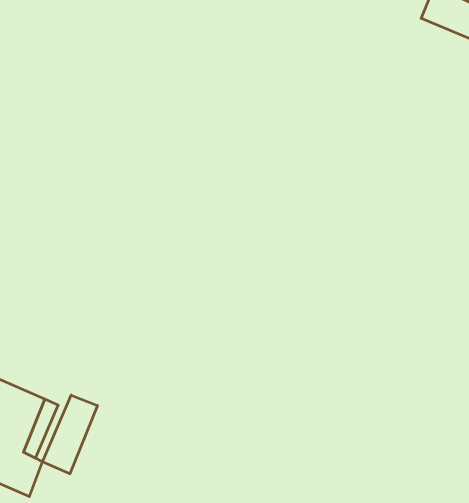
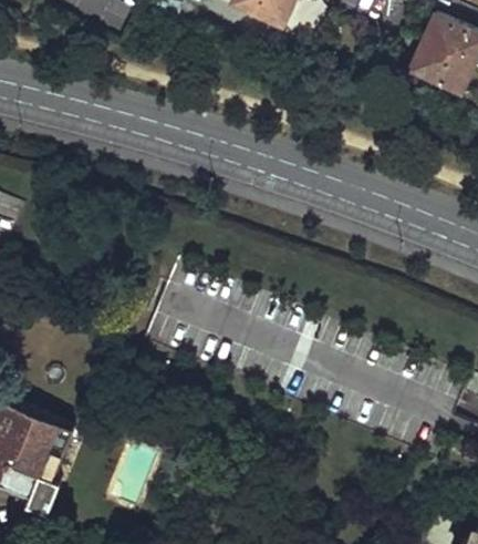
building: [43,395,97,474] -> none

